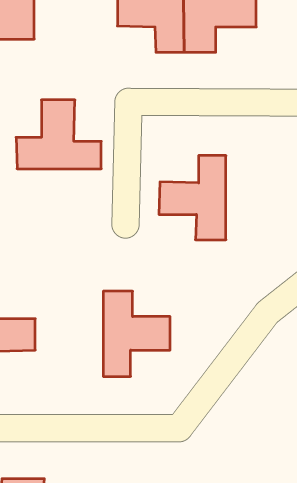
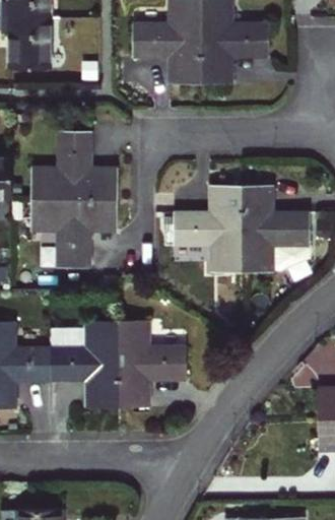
building: none -> [242,186,309,271]
building: none -> [32,199,117,268]
building: none -> [50,322,119,407]

